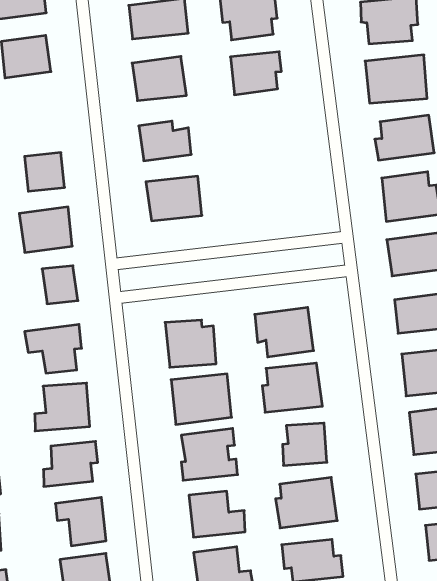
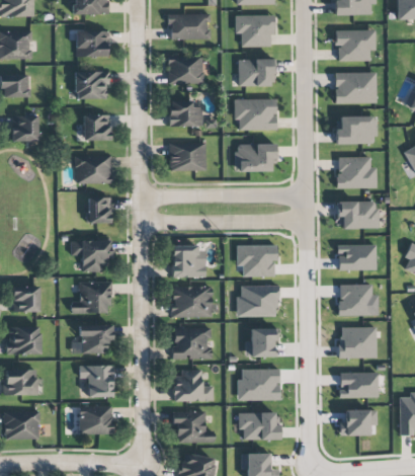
building: none -> [75,70,109,99]
building: none -> [235,98,277,130]
building: none -> [236,143,276,171]

